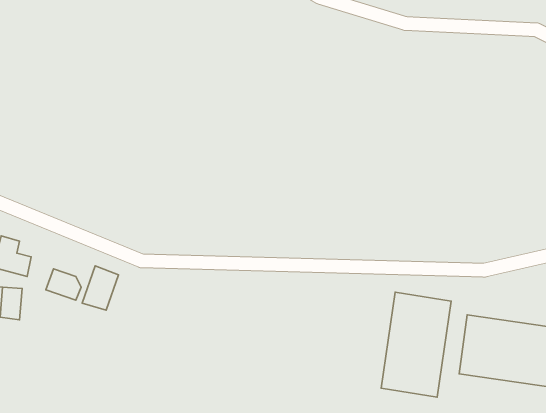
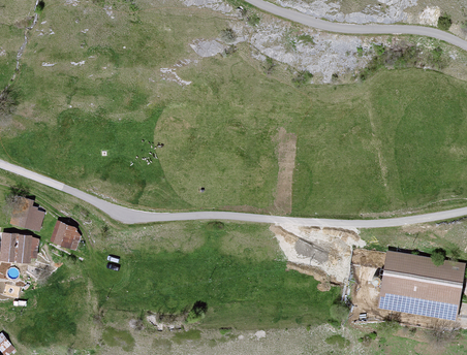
building: [82,266,119,310] -> none
building: [381,292,451,397] -> none

